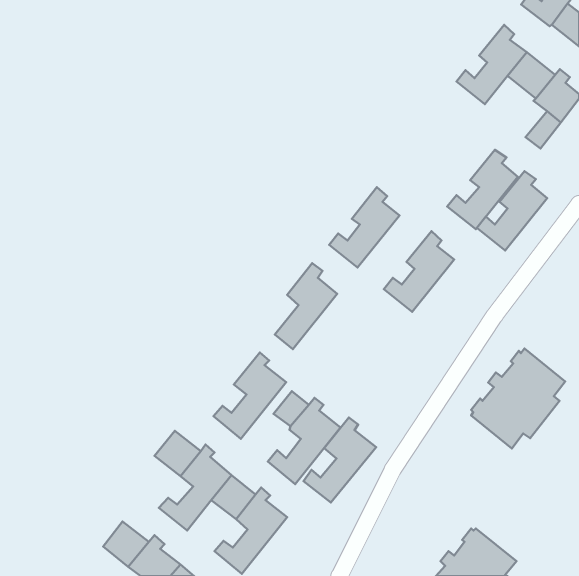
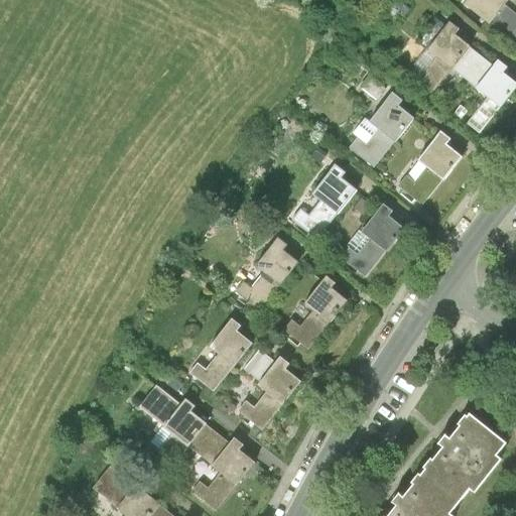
building: [477,171,547,250] -> [350,93,412,163]
building: [471,349,565,448] -> [422,410,506,499]
building: [304,418,376,503] -> [283,272,348,348]

